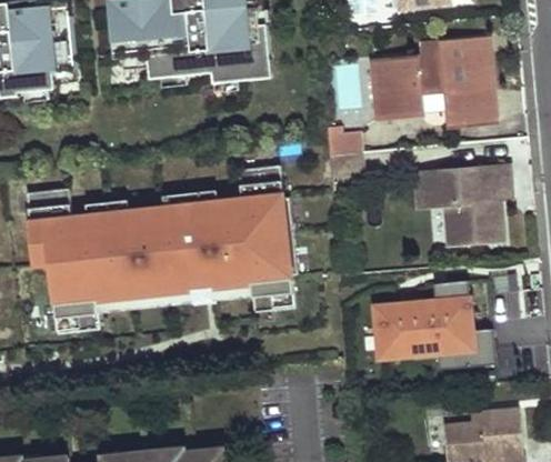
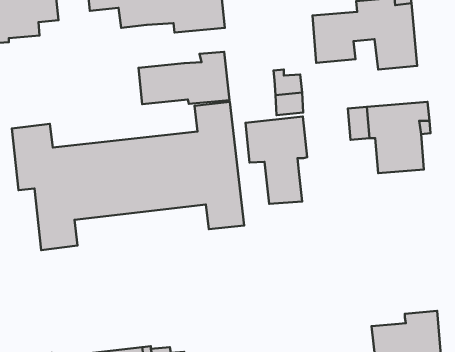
building: none -> [139,52,229,104]
building: none -> [245,116,307,204]
building: [374,281,494,368] -> none

